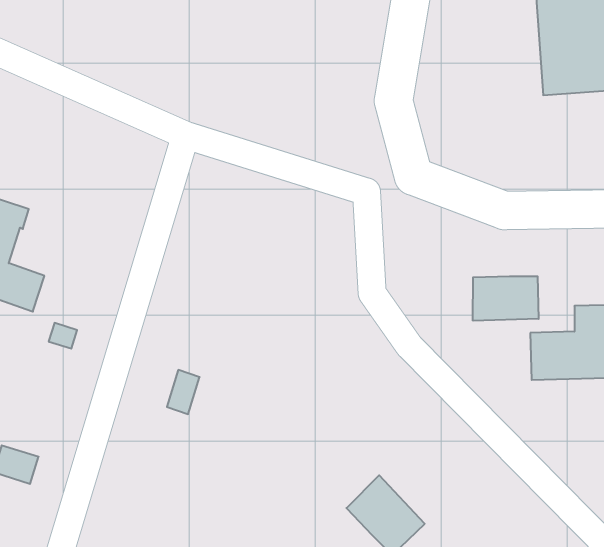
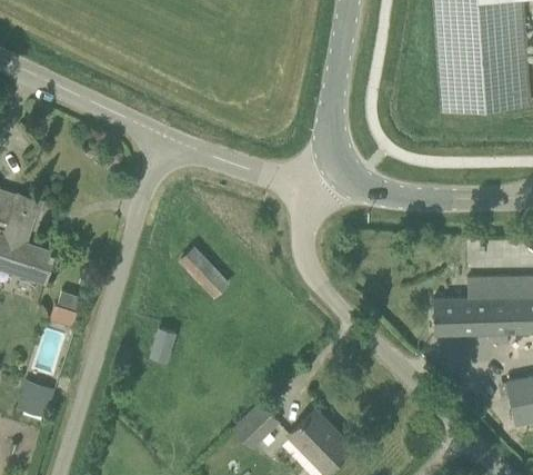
building: none -> [181,248,229,297]
building: [473,276,539,321] -> none
building: none -> [235,402,278,444]

